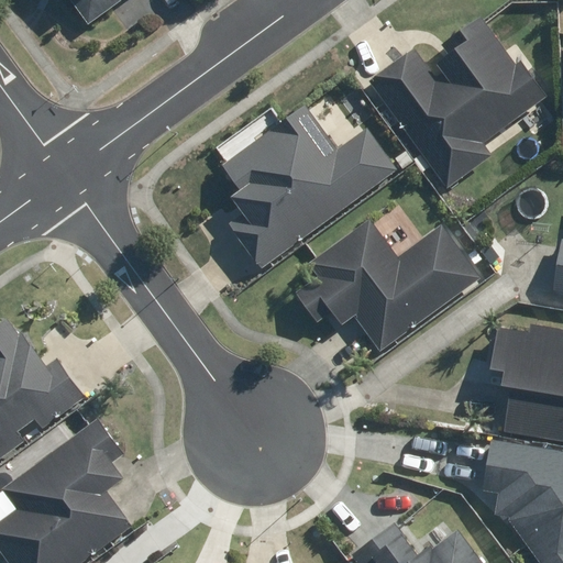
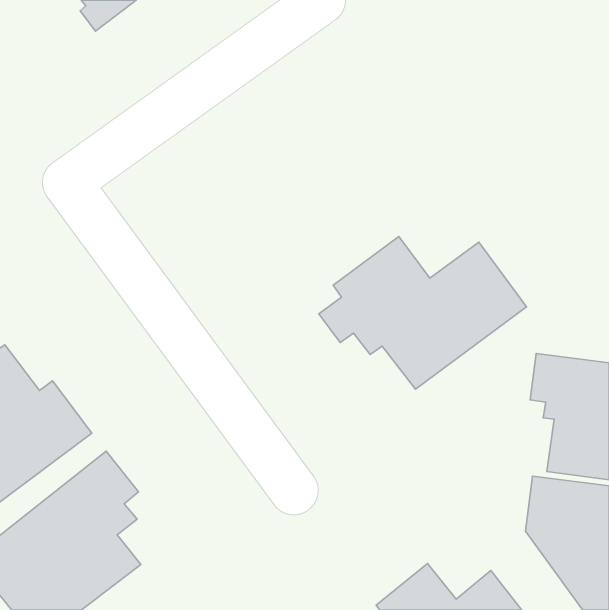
building: [376,12,544,192] -> none
building: [221,87,398,271] -> none

